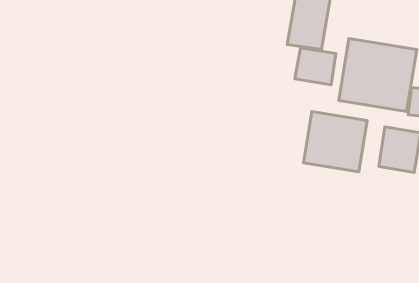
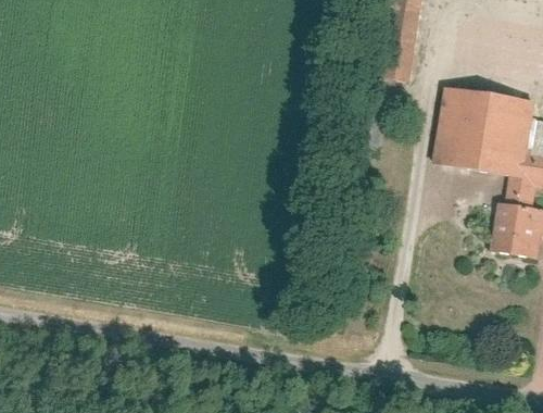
building: [295,48,336,85] -> none
building: [303,111,367,172] -> none

